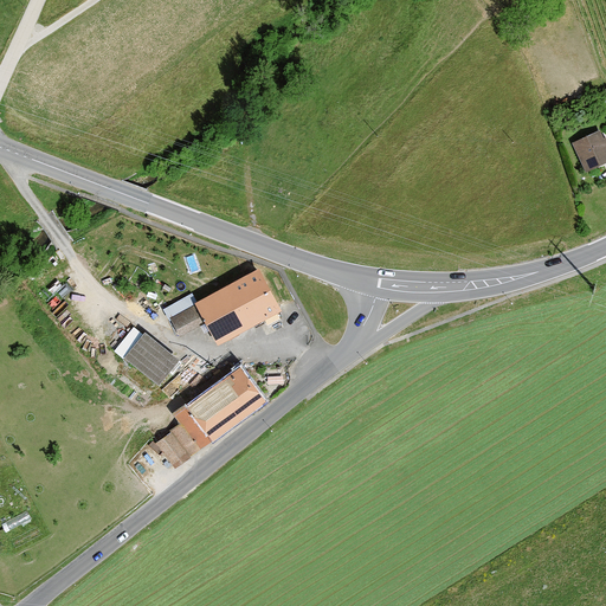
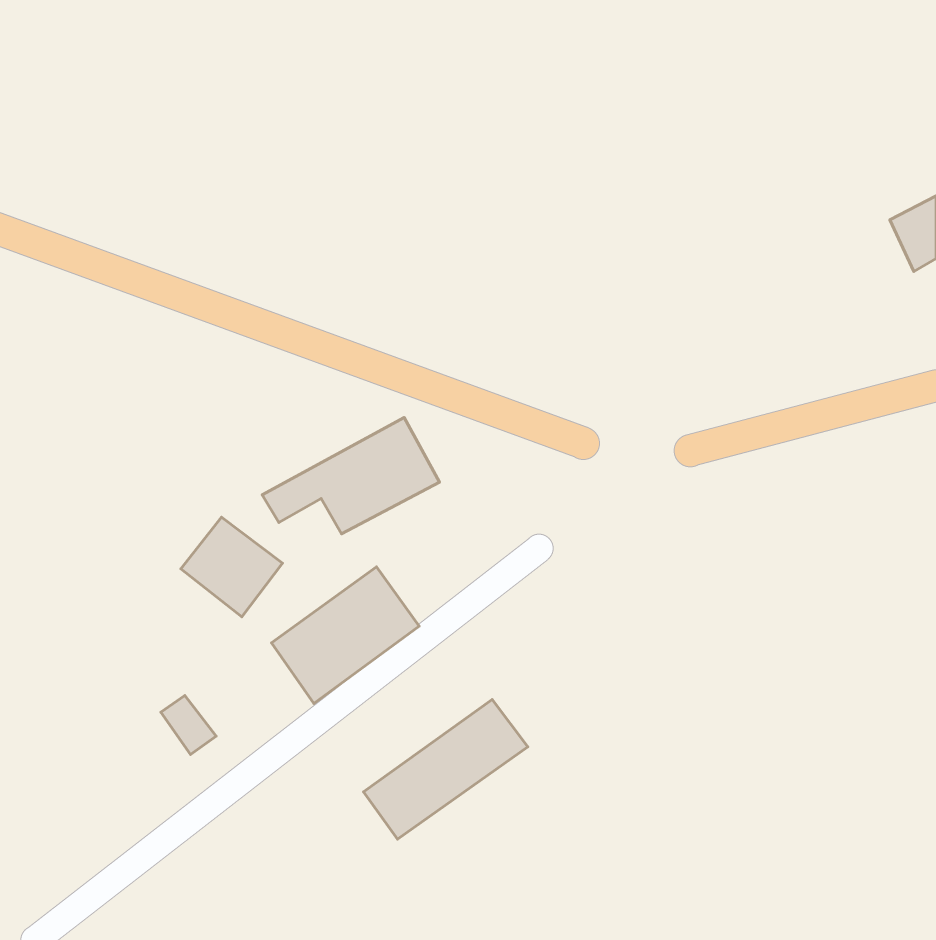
building: [153,428,188,466] -> [161,695,216,754]
building: none -> [363,699,528,839]

